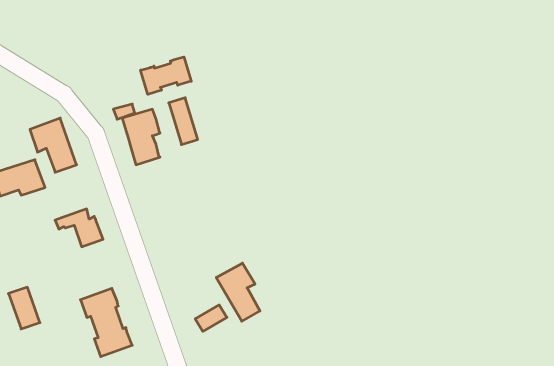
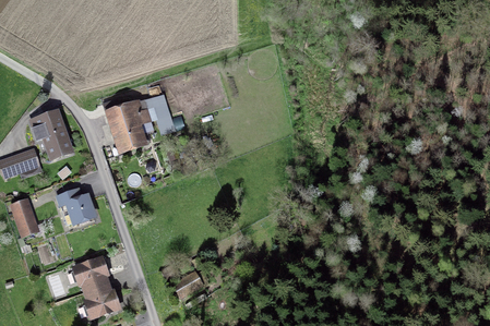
building: [141,57,191,94] -> none
building: [216,263,260,321] -> none
building: [8,287,40,329] -> [11,200,38,236]

